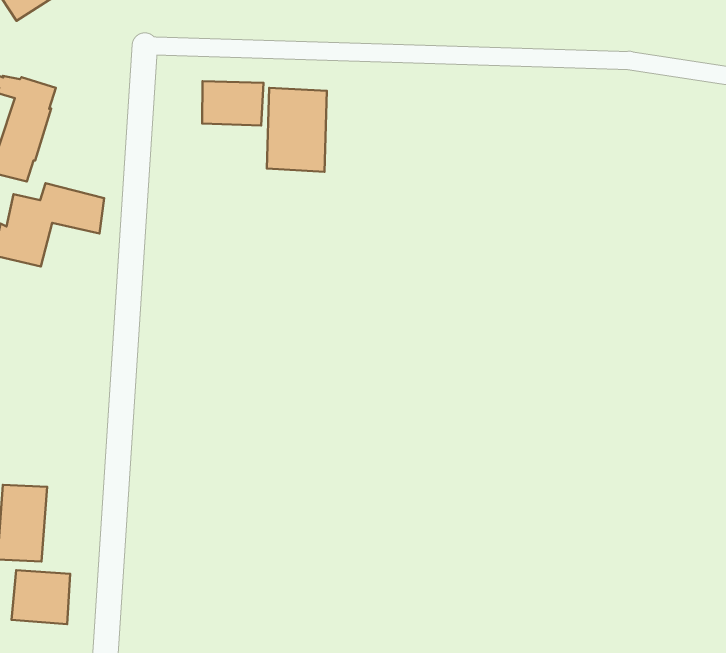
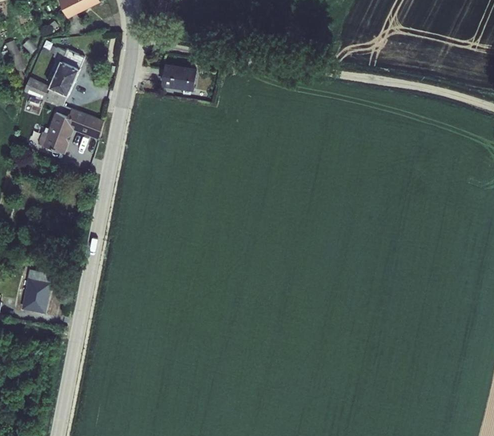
building: [267,88,327,172] -> none
building: [12,570,70,624] -> none

